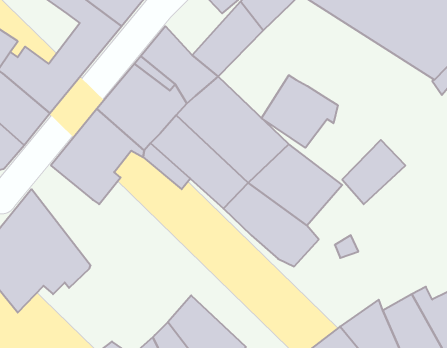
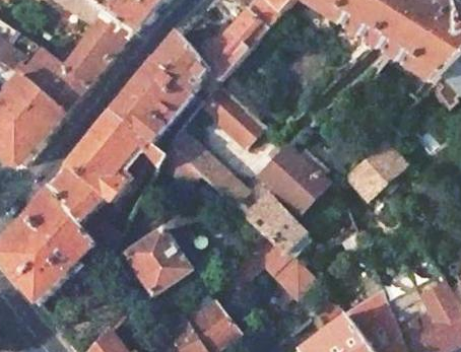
building: [262,75,338,148] -> none
building: none -> [46,162,106,257]
building: none -> [132,225,199,293]
building: none -> [254,228,309,295]

